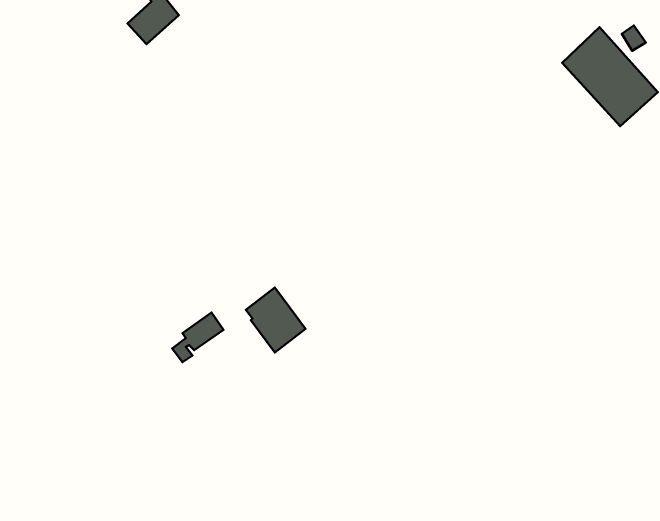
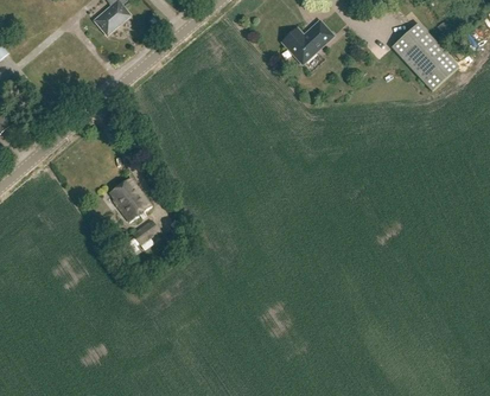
building: none -> [285,20,335,63]
building: [246,288,306,353] -> [109,177,151,222]

